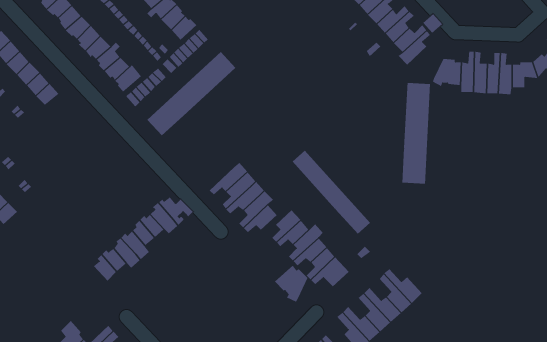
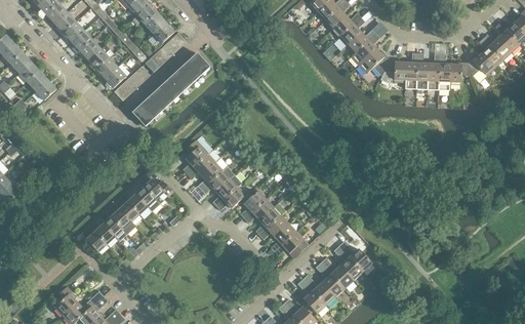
building: none -> [358,49,389,77]
building: [402,82,431,185] -> none
building: [292,150,371,235] -> none
building: none -> [181,140,207,174]
building: [274,265,308,302] -> none

